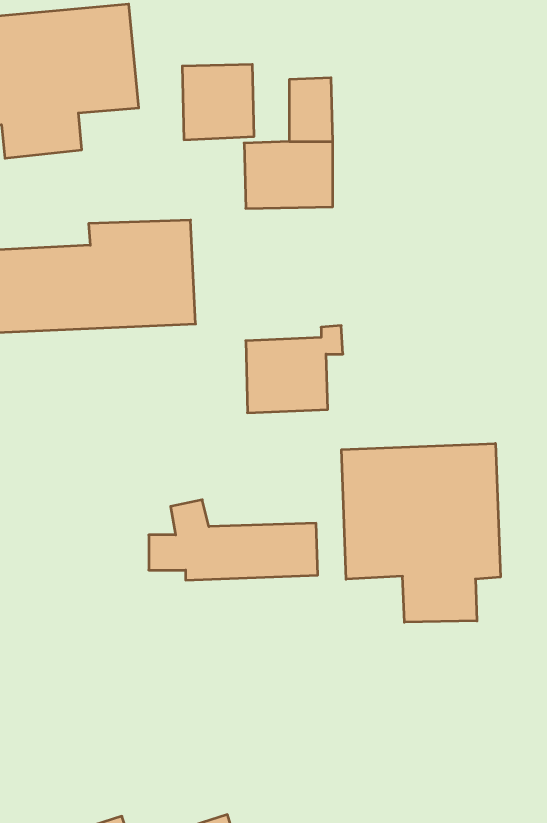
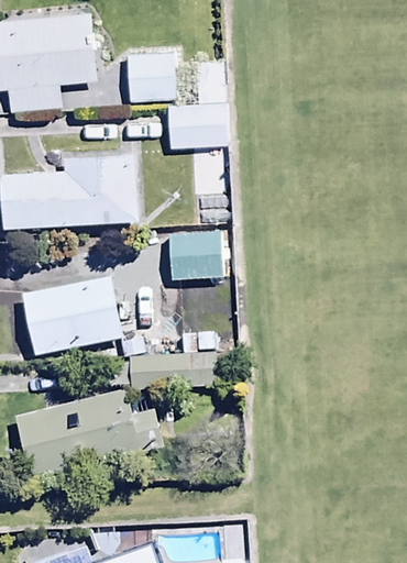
building: none -> [22,275,123,355]
building: [342,443,500,622] -> none
building: none -> [16,390,164,482]

